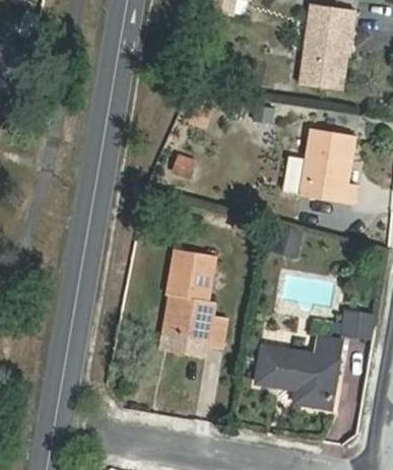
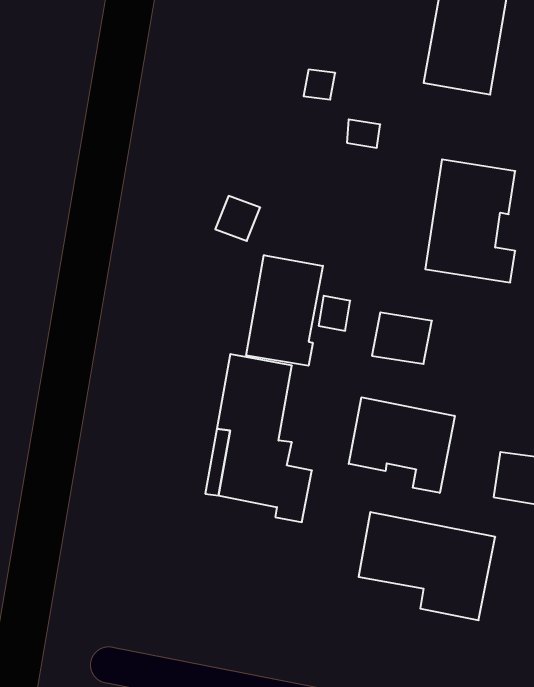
building: none -> [246,255,323,366]
building: none -> [349,397,455,493]

